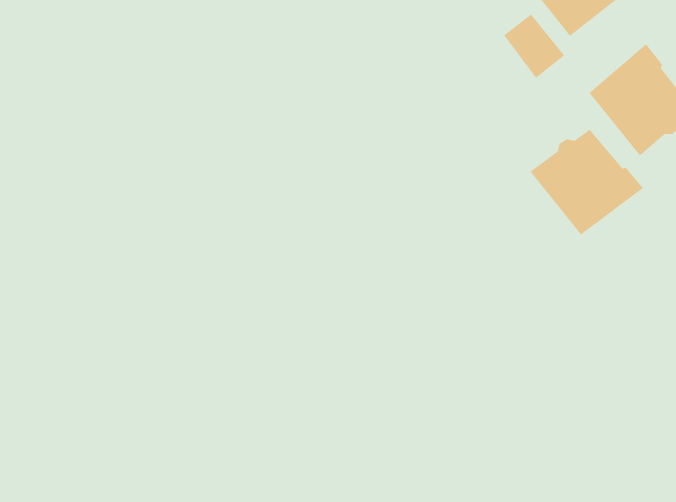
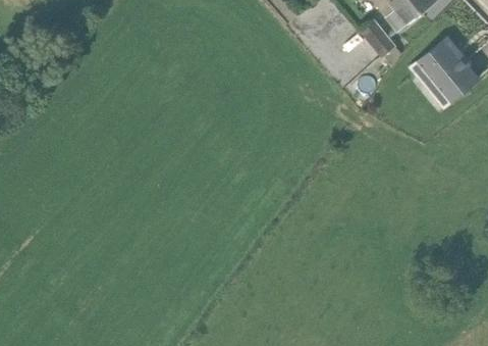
building: [529,129,644,235] -> none

